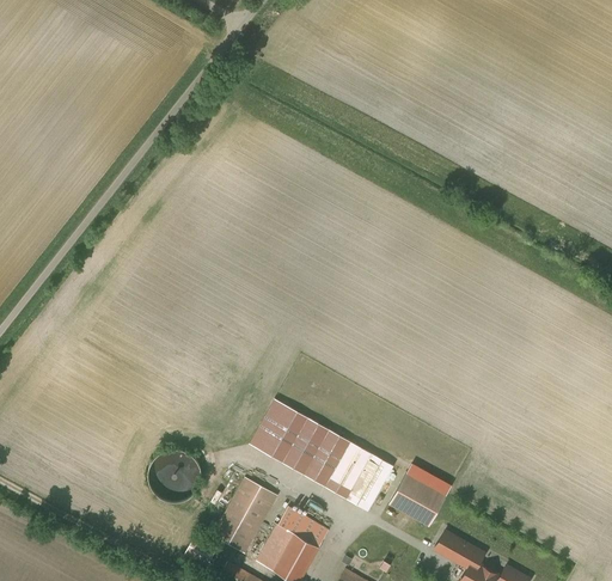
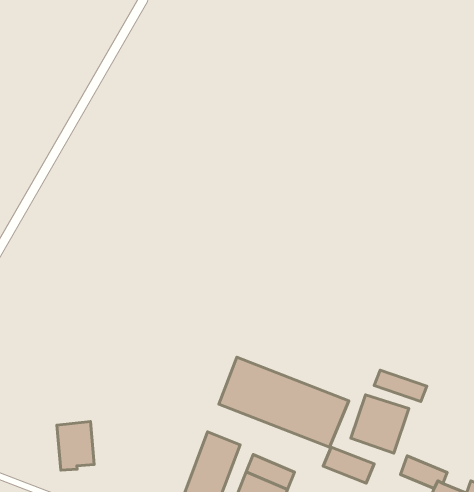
building: none -> [374,370,427,402]
building: [161,451,198,499] -> [57,421,94,470]
building: none -> [323,447,374,483]

